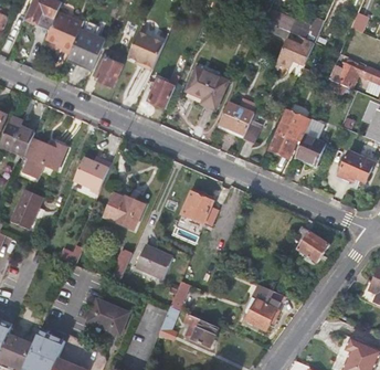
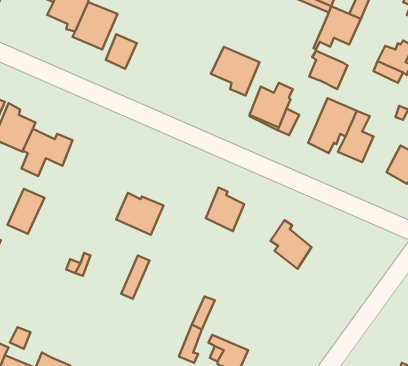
building: [126,32,163,68] -> none
building: none -> [309,51,348,89]
building: [147,73,179,107] -> none
building: [73,156,112,193] -> none
building: [294,221,329,263] -> [271,220,312,269]
building: [136,243,172,278] -> none
building: [244,296,278,330] -> none
building: [86,297,128,336] -> none

